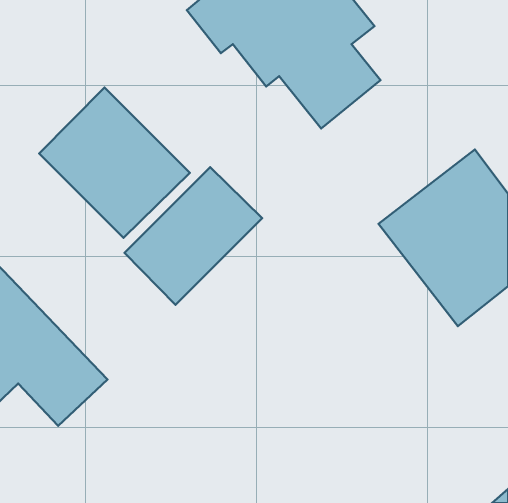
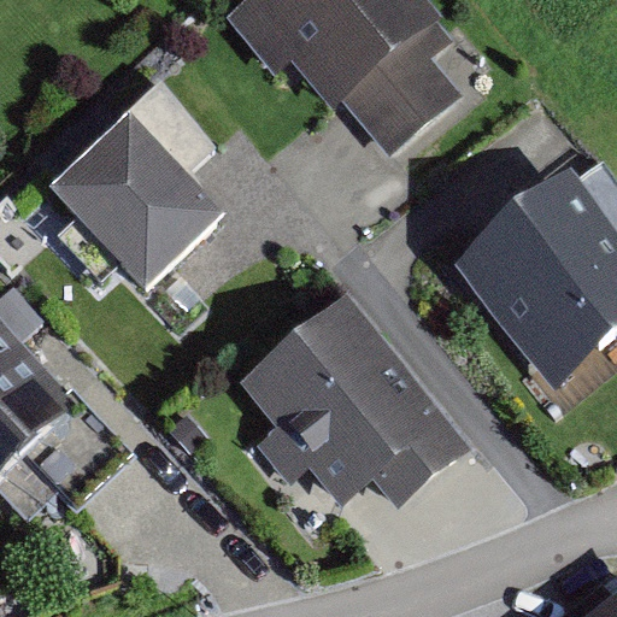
building: [125,167,262,305] -> none
building: none -> [241,293,471,510]

